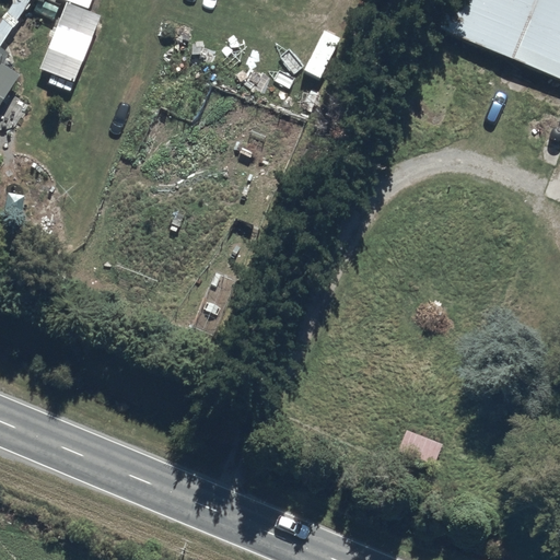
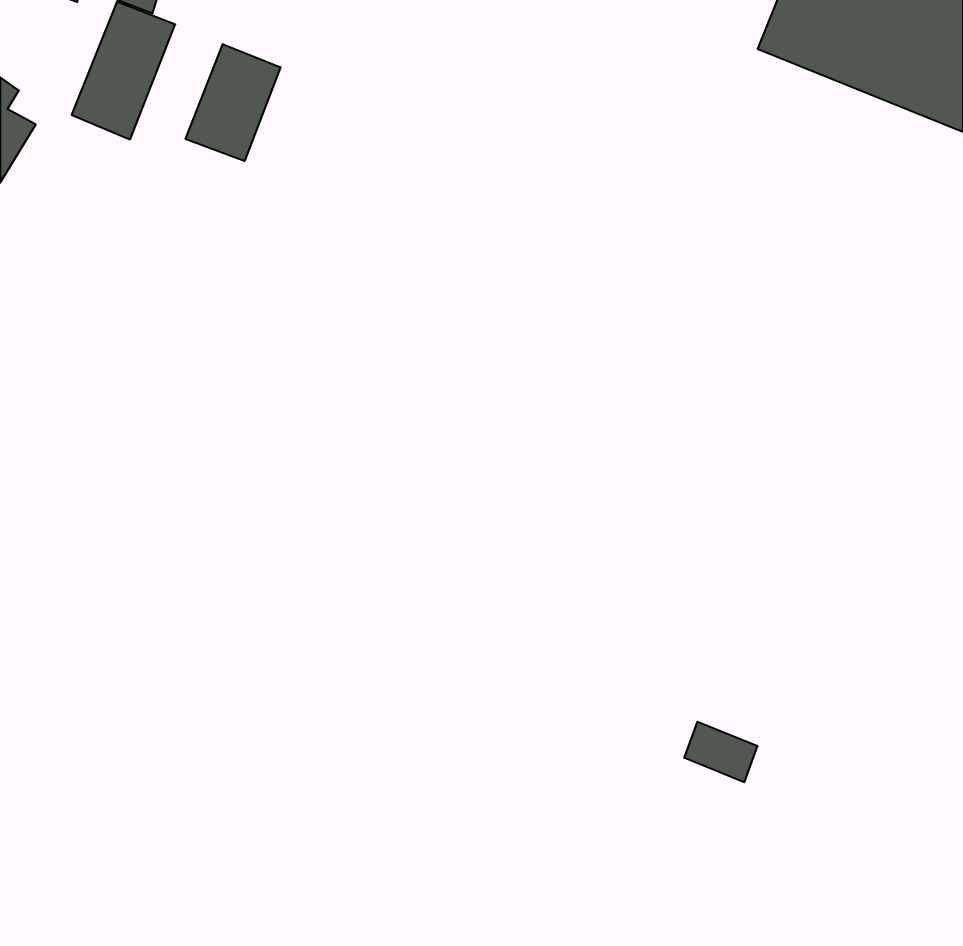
building: none -> [186,44,281,161]

